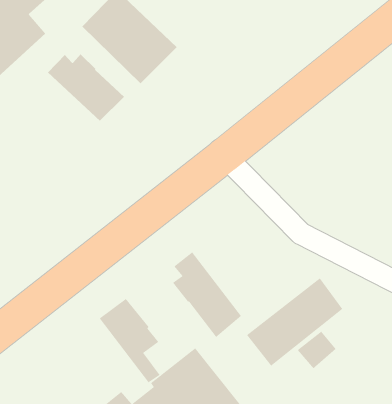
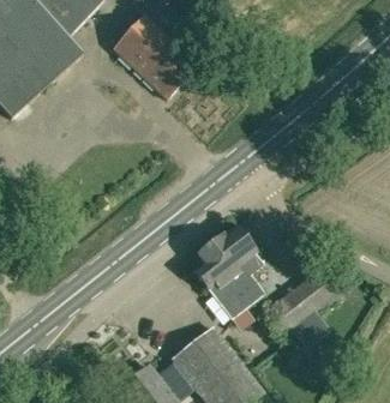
building: [47,53,125,122] -> none
building: [99,298,161,383] -> [210,225,264,300]

